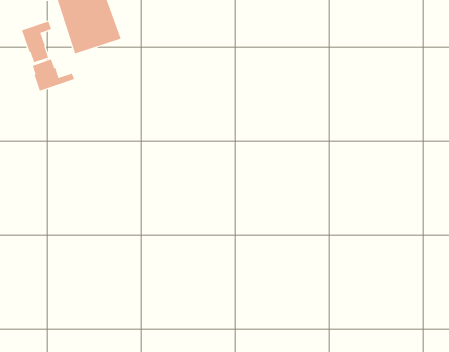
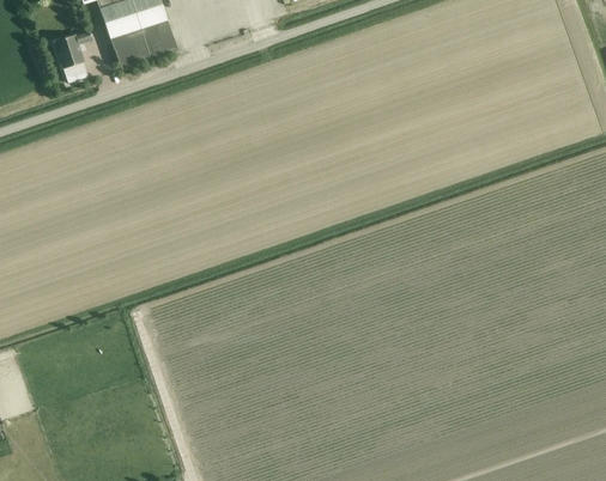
building: [32,59,75,92] -> none

